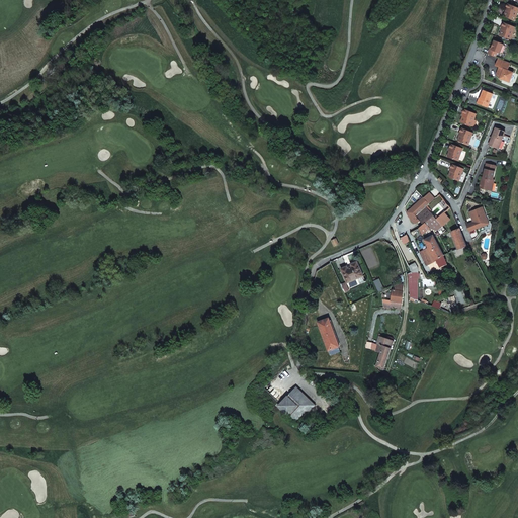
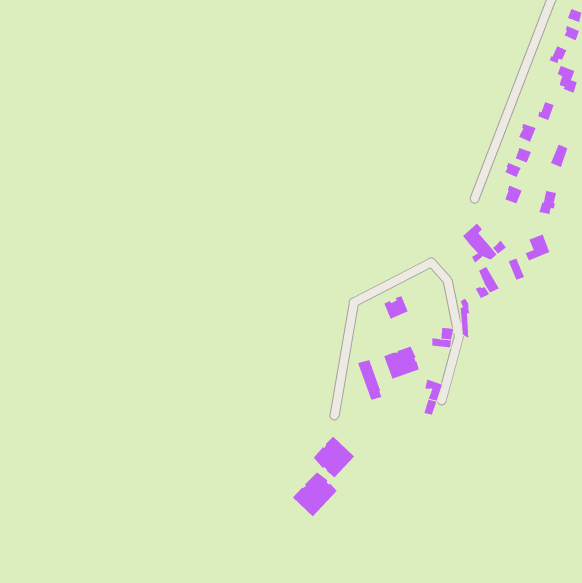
building: none -> [384,346,419,380]
building: none -> [292,471,338,517]

